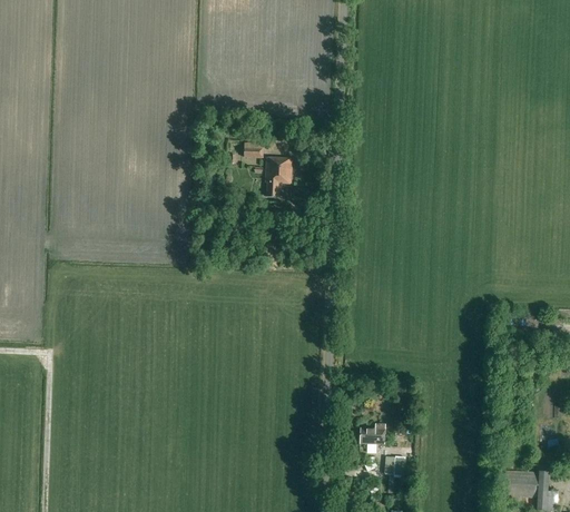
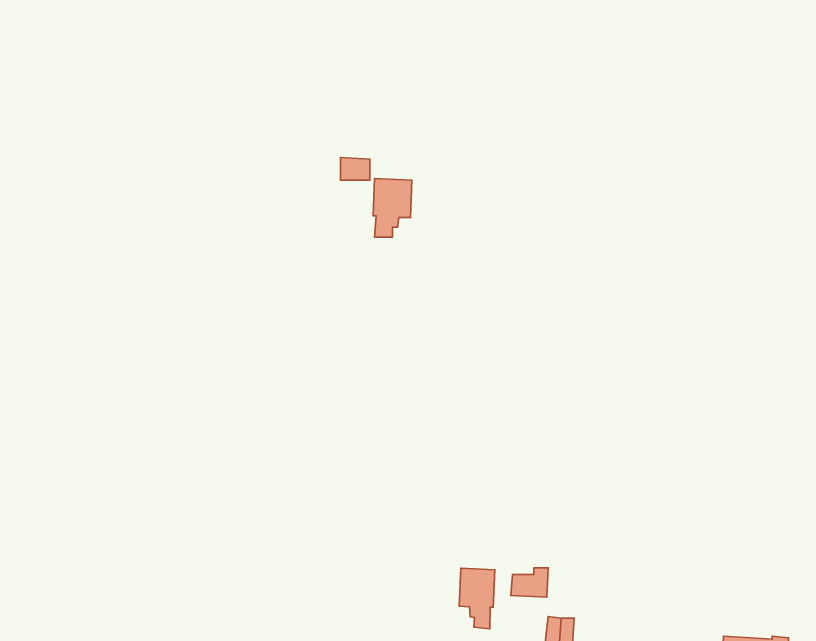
building: none -> [459,568,495,629]

